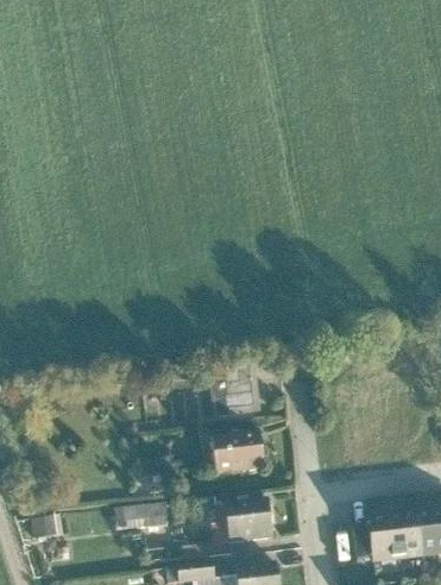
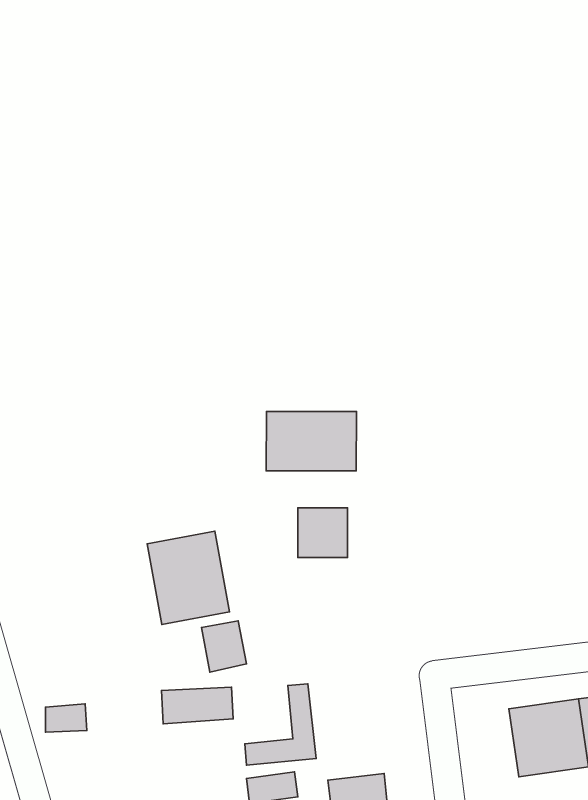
building: none -> [266,412,356,471]
building: none -> [147,531,230,625]
building: [213,434,265,477] -> none
building: [226,499,273,545] -> none

